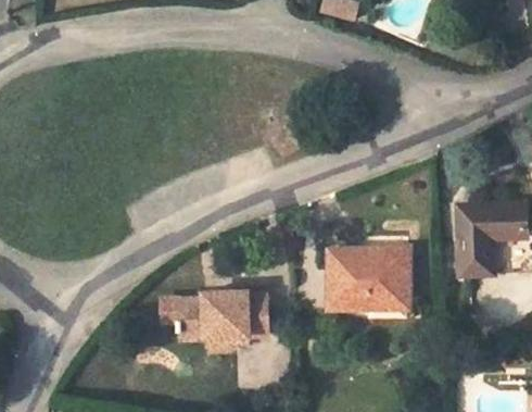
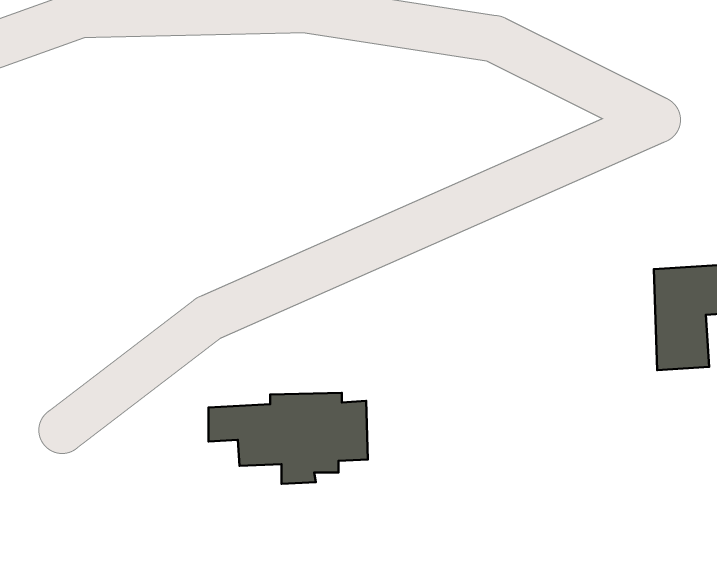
building: [328,249,408,307] -> none

